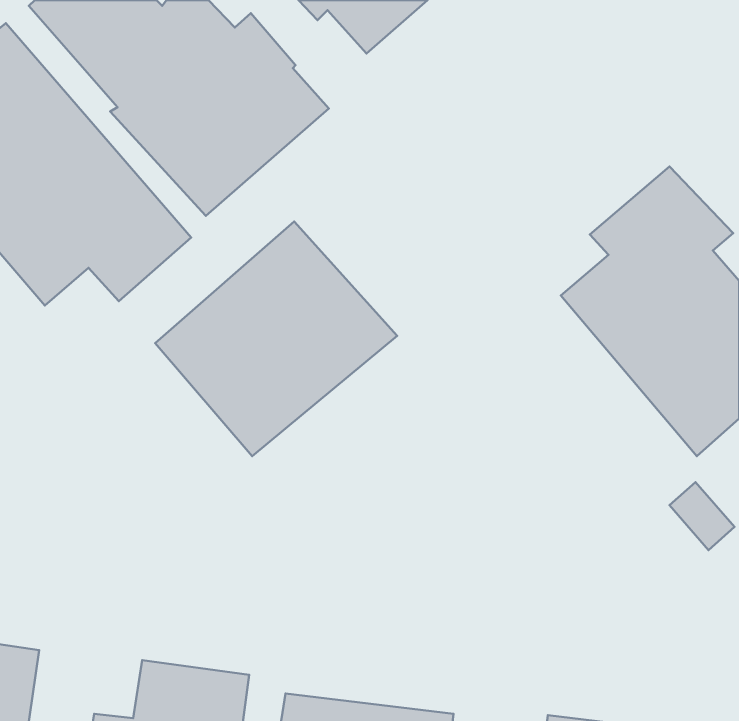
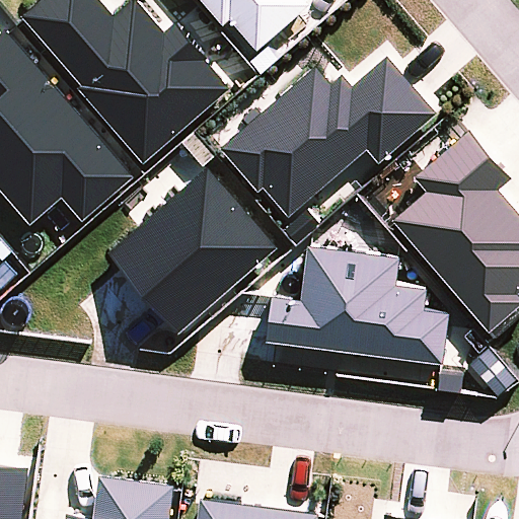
building: none -> [220,57,436,218]
building: none -> [266,246,448,365]

